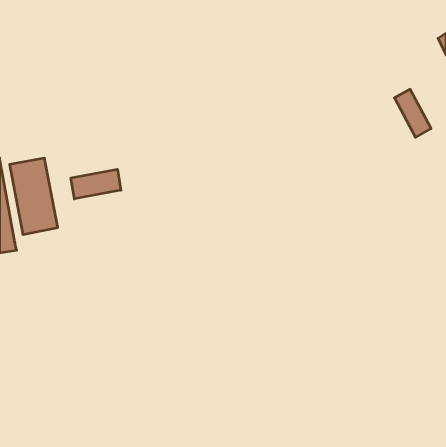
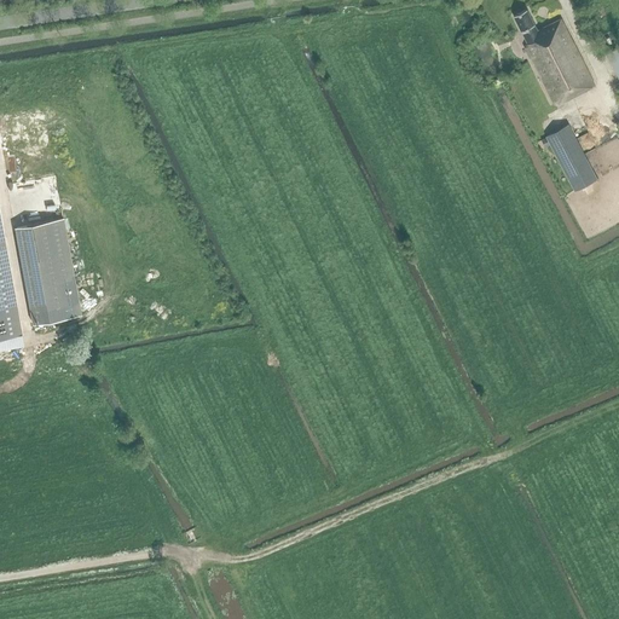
building: none -> [513,10,594,105]
building: [71,169,121,199] -> none

